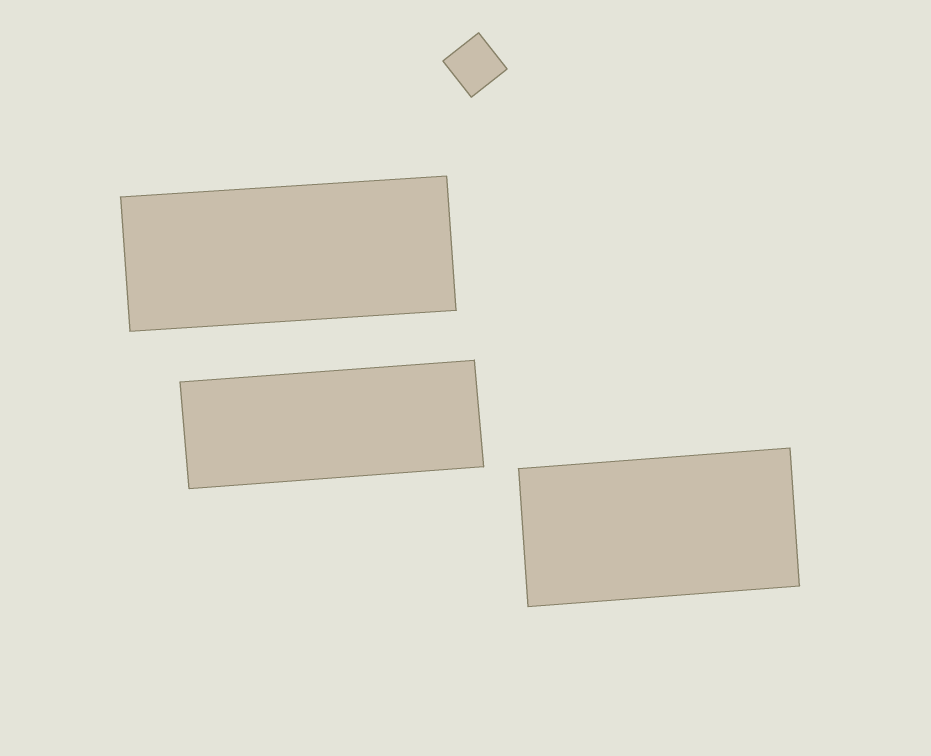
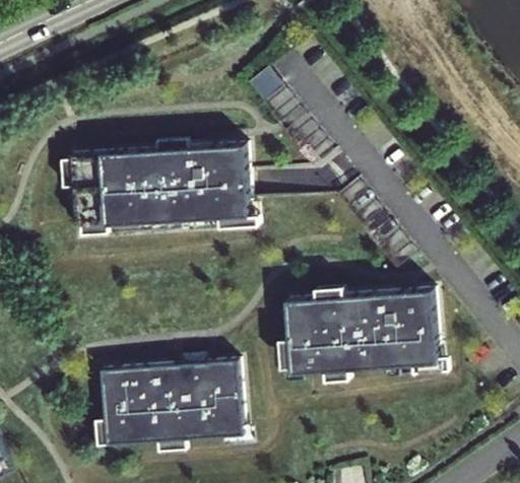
building: [180,360,483,489] -> none
building: none -> [99,359,241,445]

